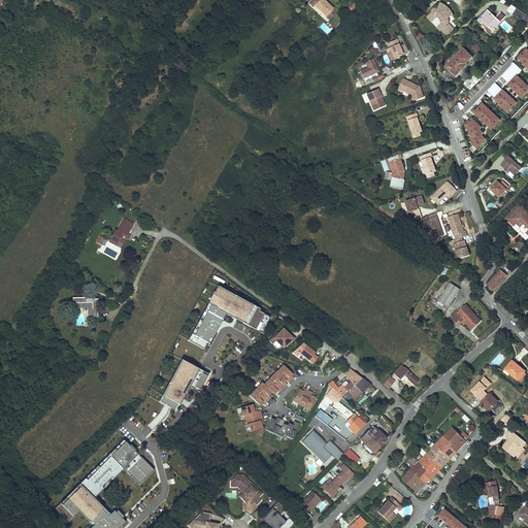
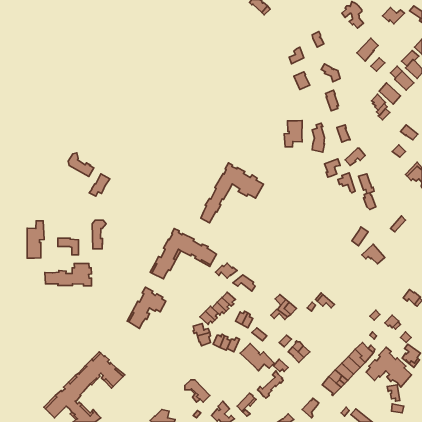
building: none -> [284,121,302,147]
building: none -> [68,153,94,176]
building: none -> [201,163,264,223]
building: none -> [92,220,106,249]
building: none -> [27,221,44,258]
building: none -> [45,263,92,286]
building: none -> [366,347,412,387]

